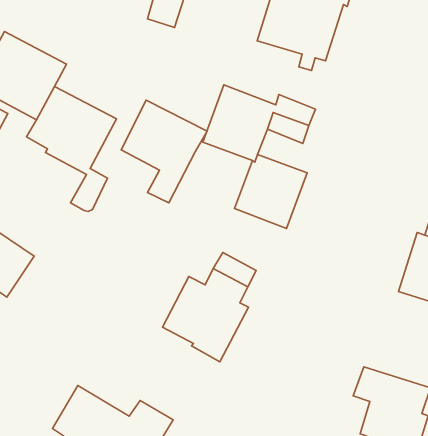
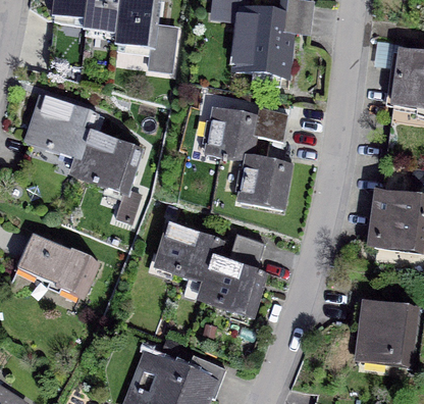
building: [121,100,207,203] -> [158,223,220,298]

